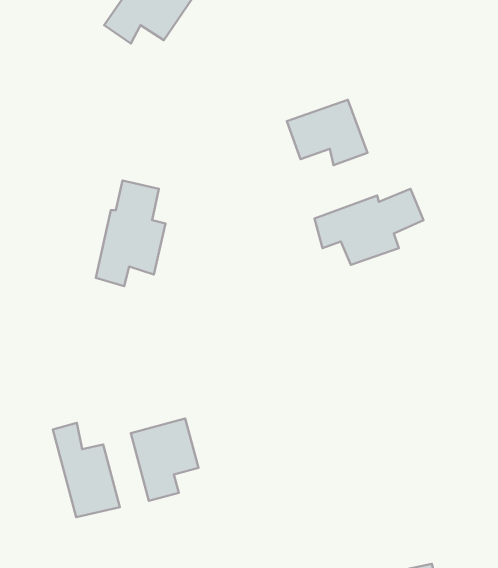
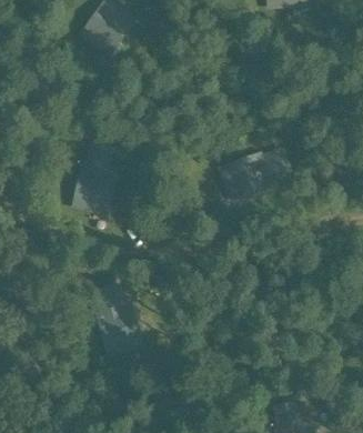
building: [287,100,367,165] -> none
building: [53,423,120,517] -> none

